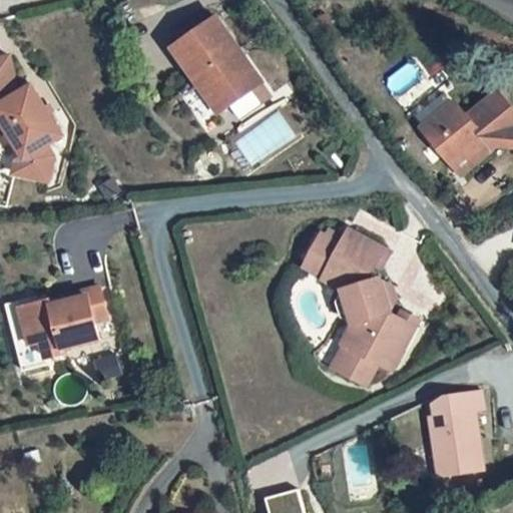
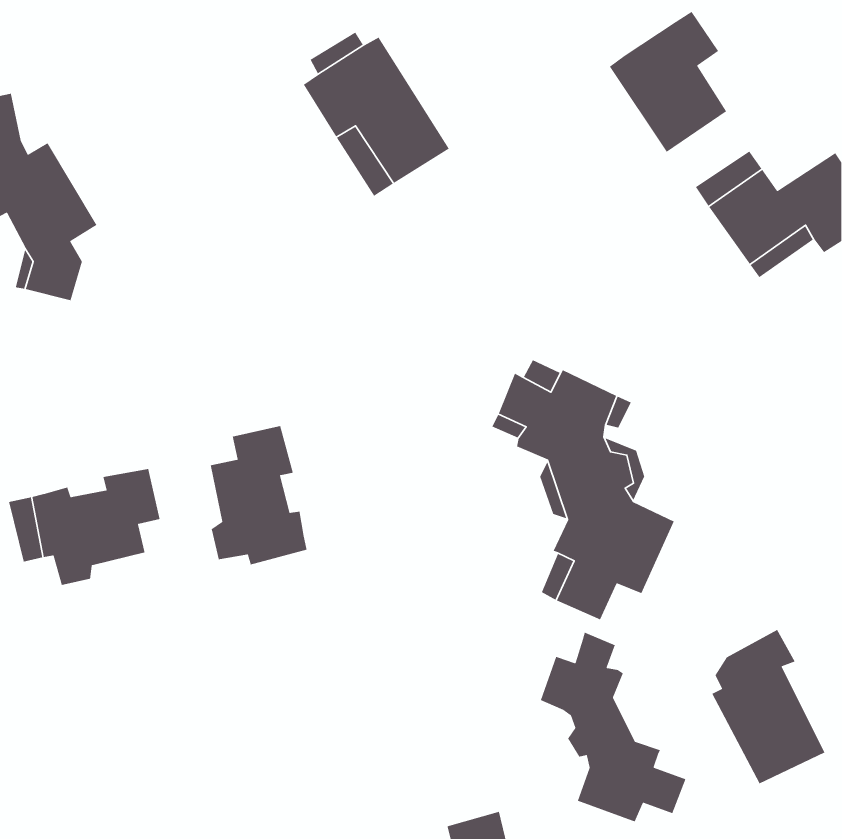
building: none -> [609,11,727,153]
building: none -> [210,425,307,566]
building: none -> [540,631,686,823]

